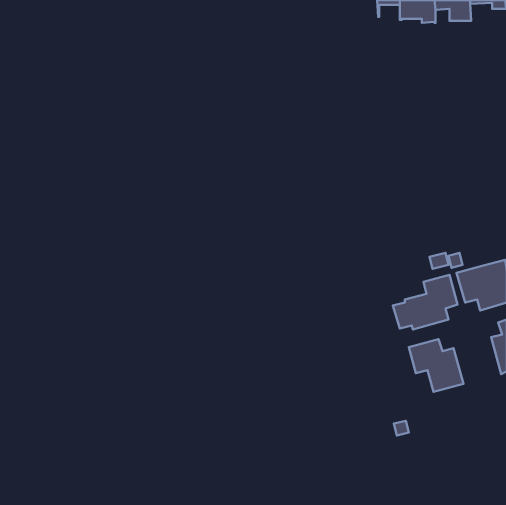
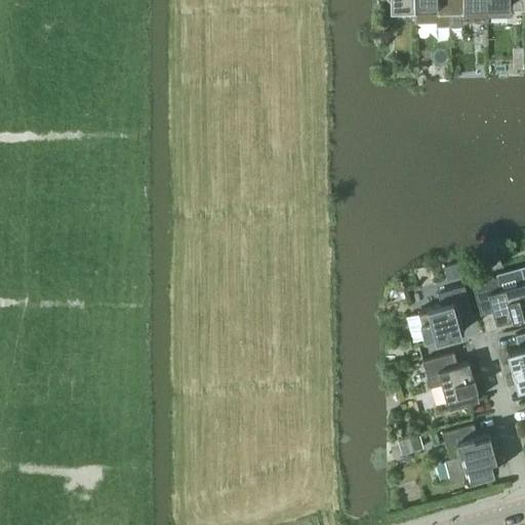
building: none -> [443,423,499,483]

